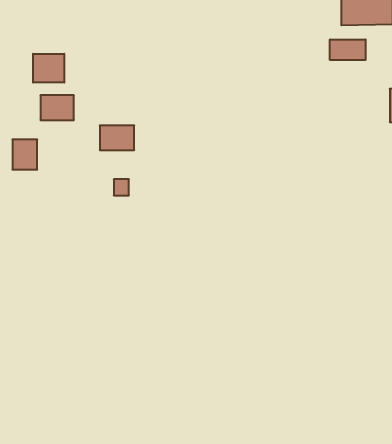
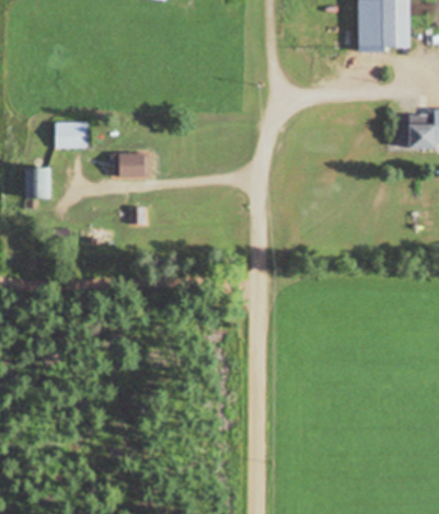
building: [330,39,366,60] -> none
building: [33,54,64,83] -> none

